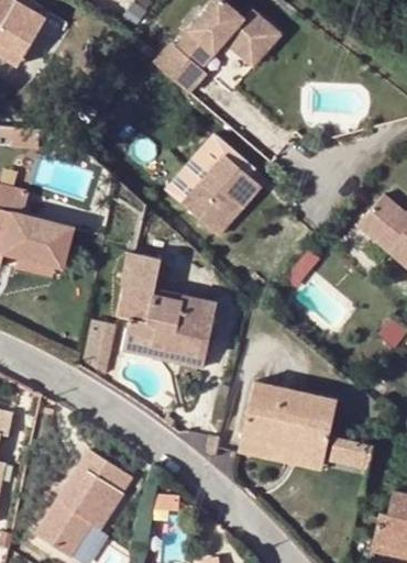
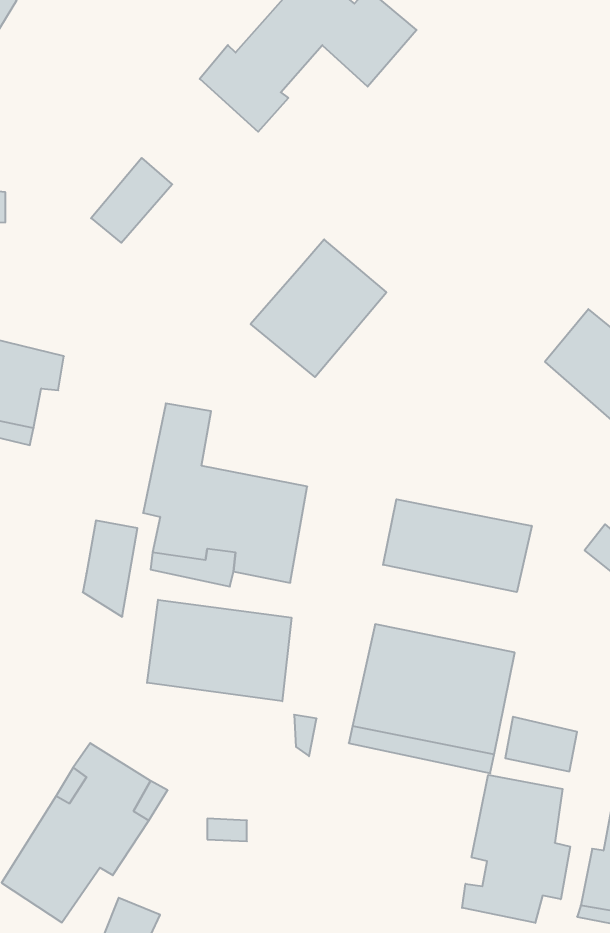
building: [165,156,212,206] -> [91,158,172,243]
building: none -> [383,499,532,592]
building: none -> [147,600,291,701]
building: none -> [462,775,570,923]

